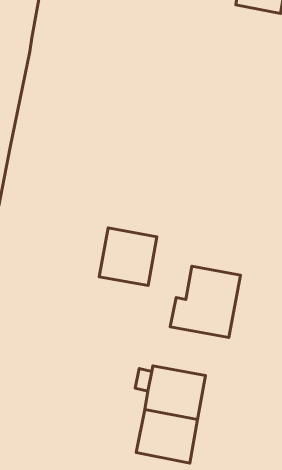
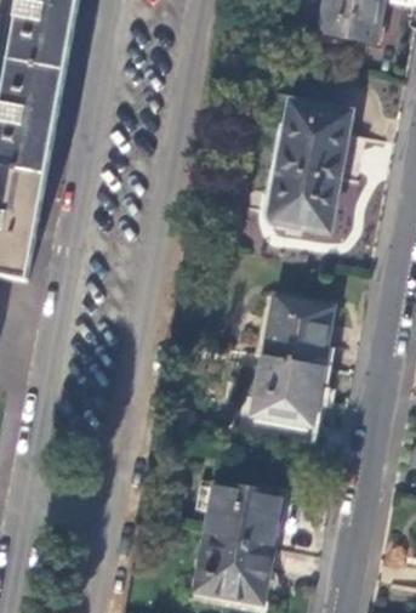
building: none -> [270,102,352,233]
building: [99,228,157,285] -> [263,295,335,367]

